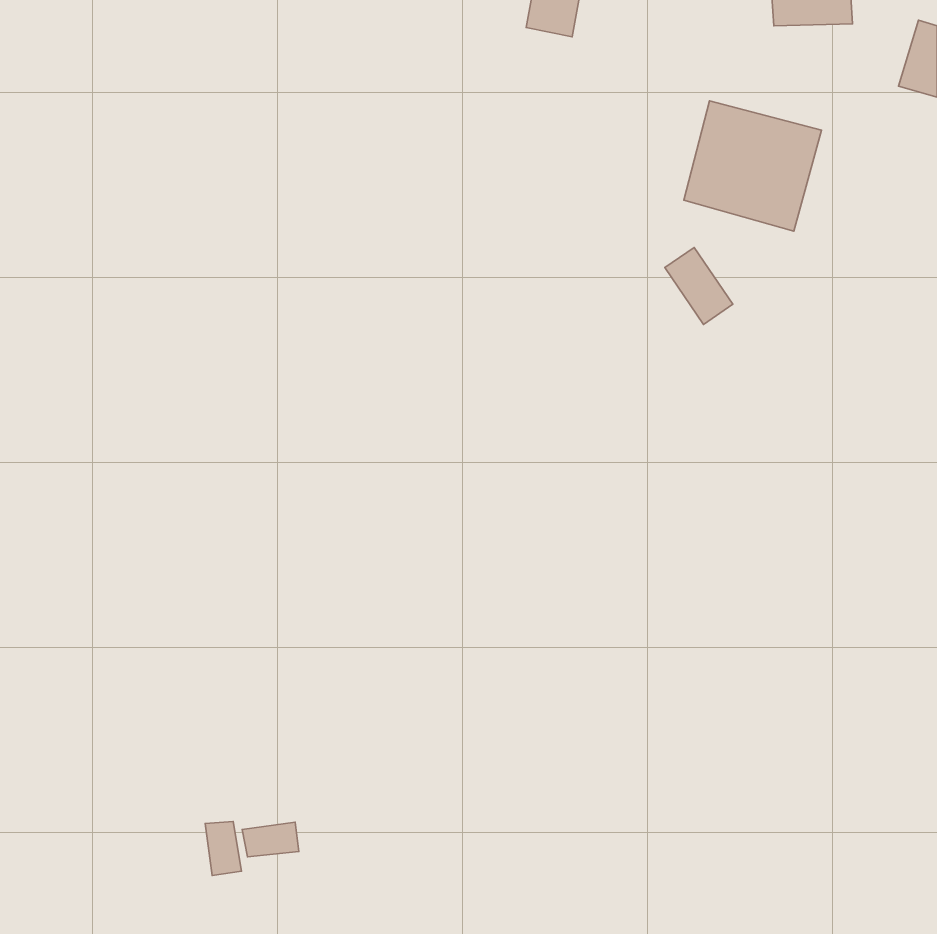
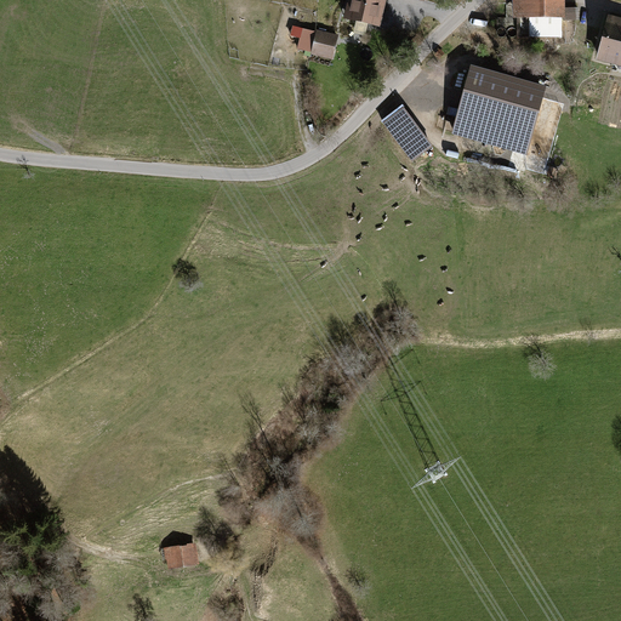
building: none -> [298,29,334,56]
building: [665,247,733,324] -> [384,108,429,159]
building: [205,821,241,875] -> none

